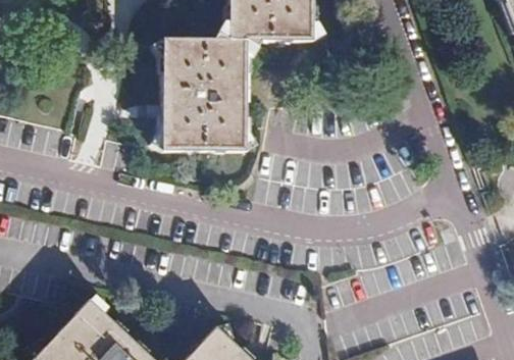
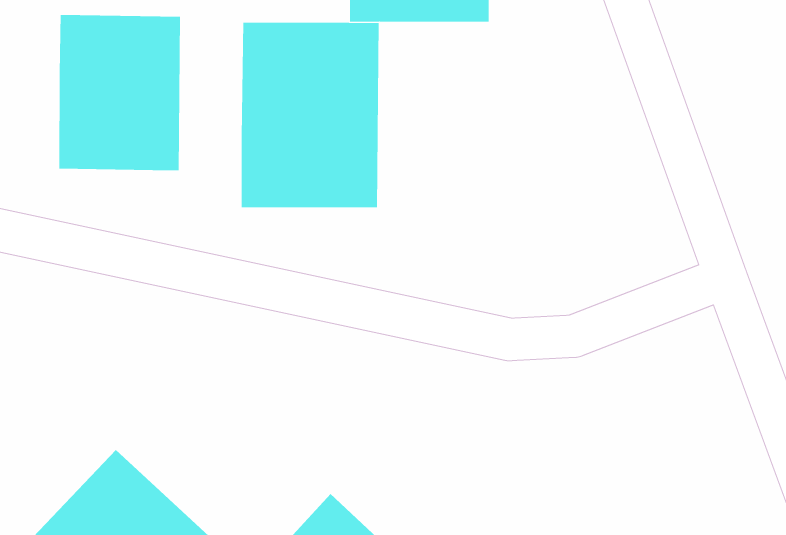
building: none -> [59,14,181,171]

